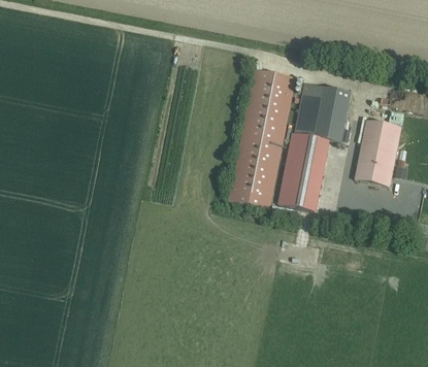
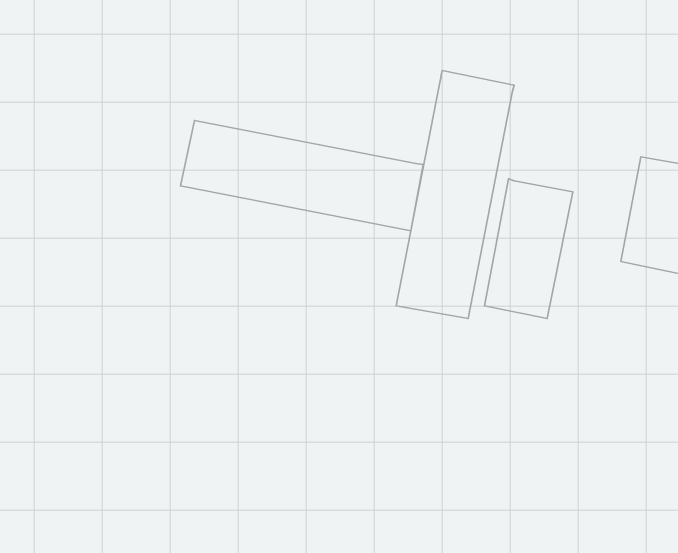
building: [295,85,351,141] -> none
building: none -> [180,120,423,231]

